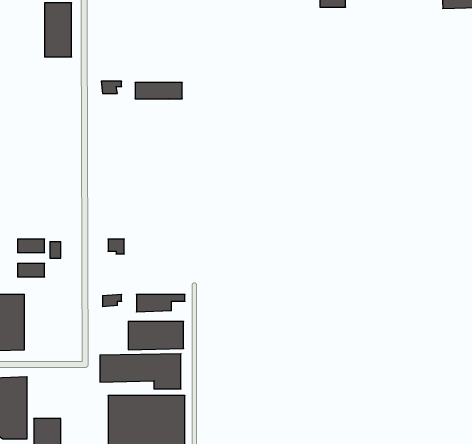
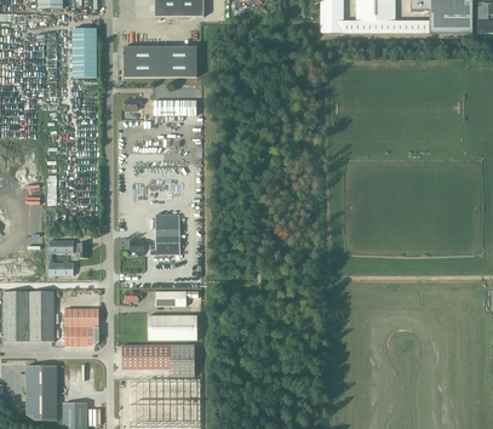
building: none -> [124,45,197,76]
building: none -> [149,213,180,253]
building: none -> [64,308,99,344]

